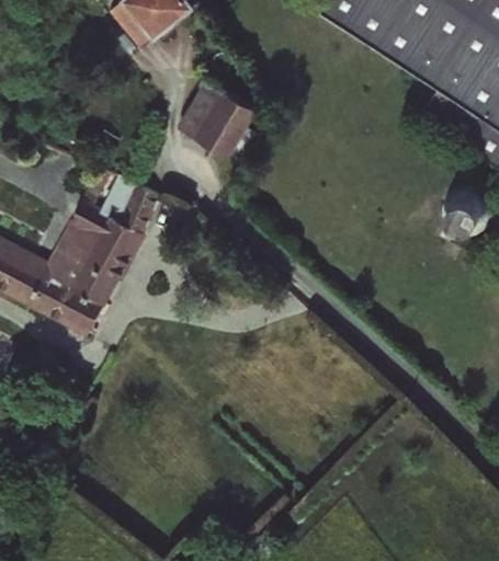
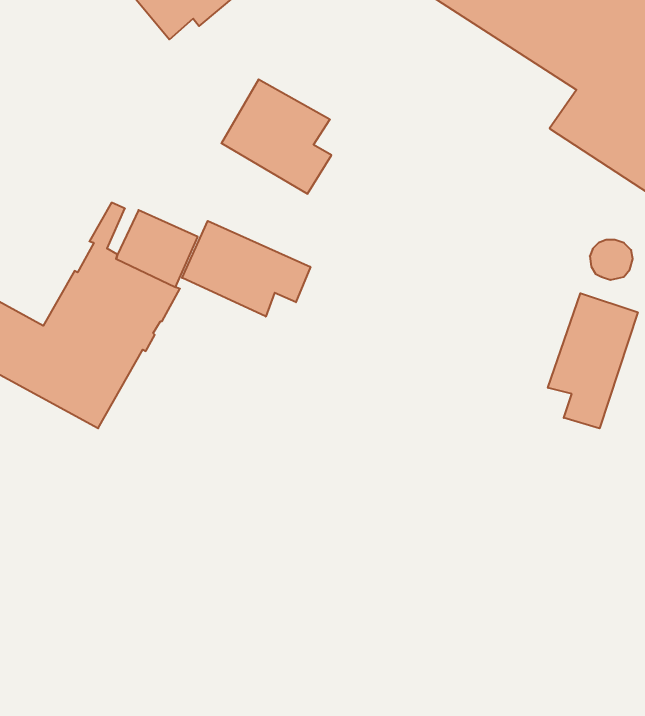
building: none -> [182,221,310,317]
building: none -> [548,293,638,428]

